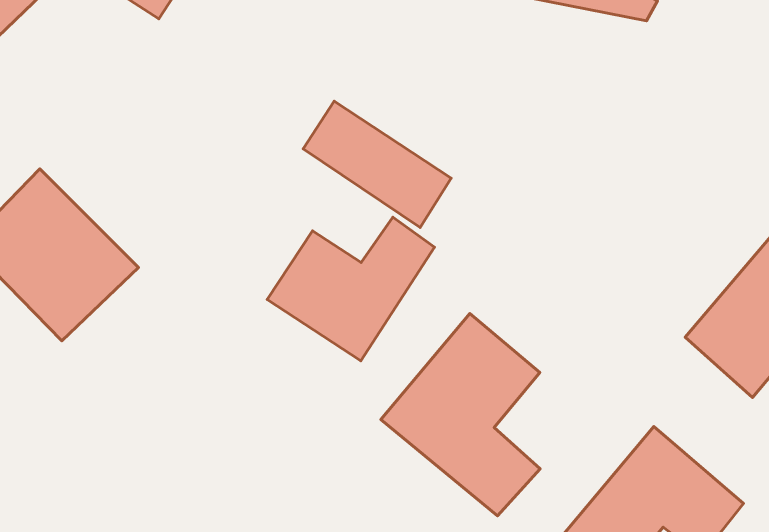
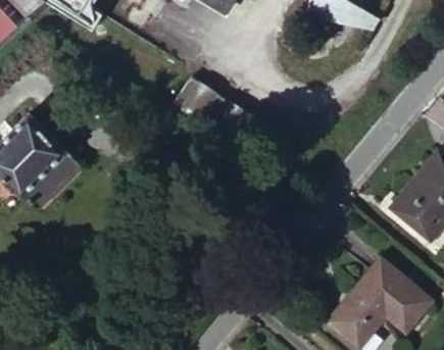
building: [267,217,434,361] -> none
building: [381,314,540,516] -> none

